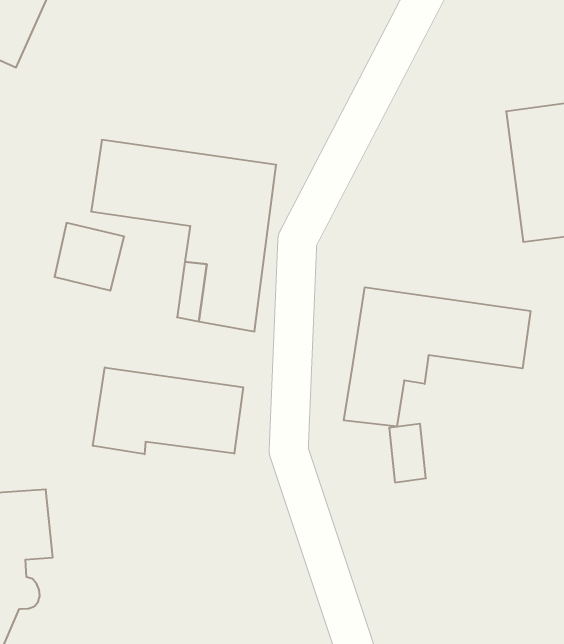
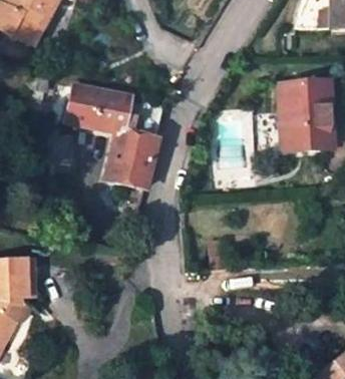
building: [344,287,530,427] -> none
building: [93,367,243,454] -> none

